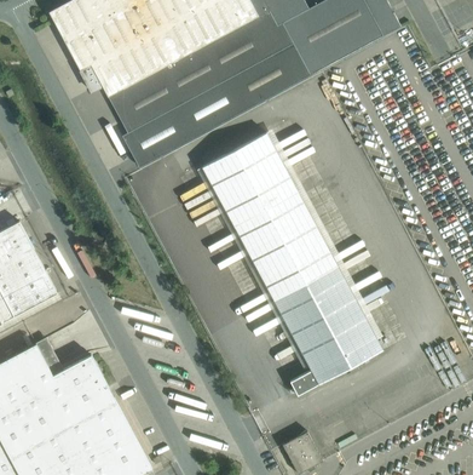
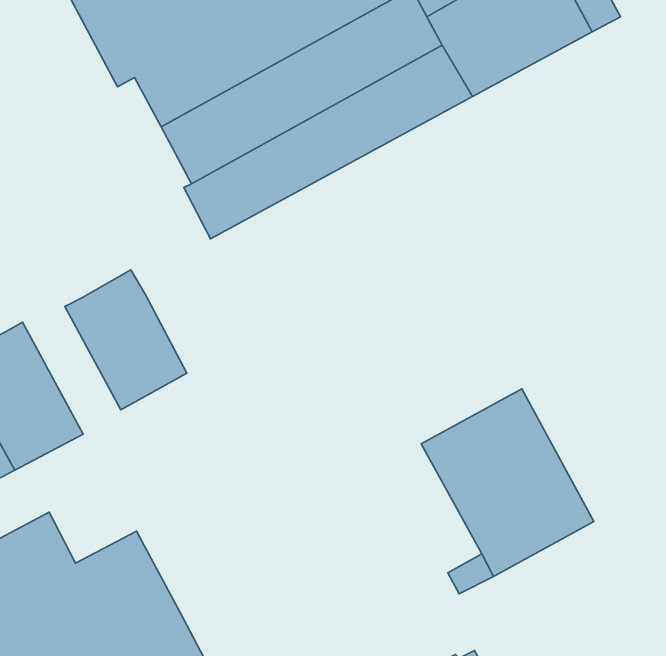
building: [202,132,338,298] -> none
building: none -> [65,270,187,410]

